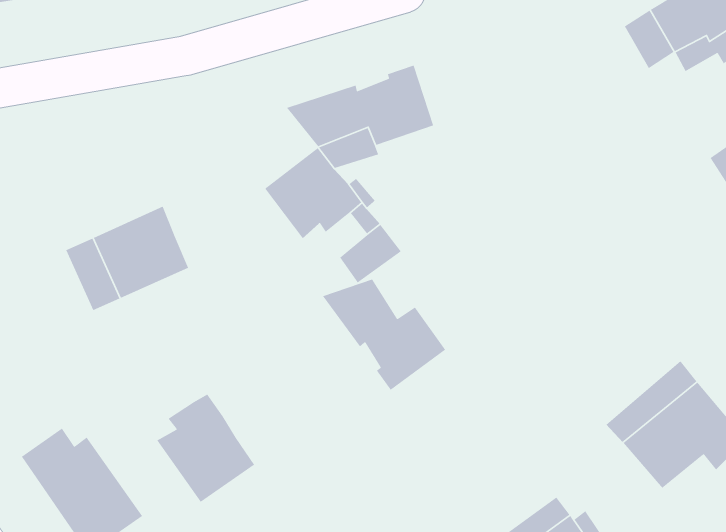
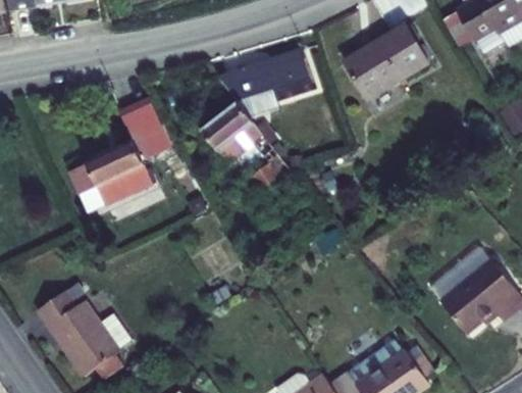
building: none -> [345,24,429,100]
building: none -> [121,99,172,162]
building: [322,278,446,391] -> none
building: [156,393,255,503] -> none

